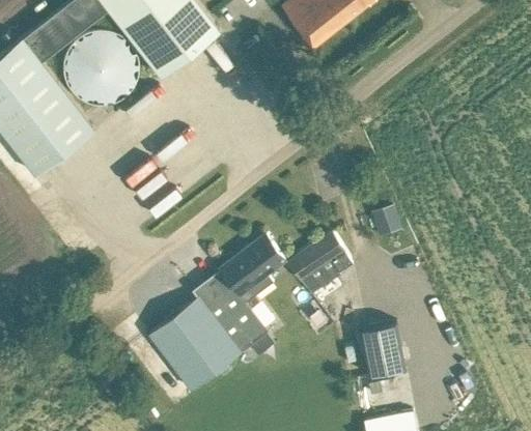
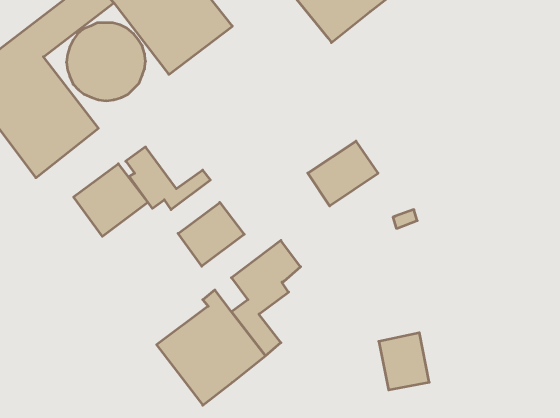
building: none -> [74,164,148,236]
building: none -> [178,202,244,266]
building: [286,234,353,295] -> [308,141,378,206]

